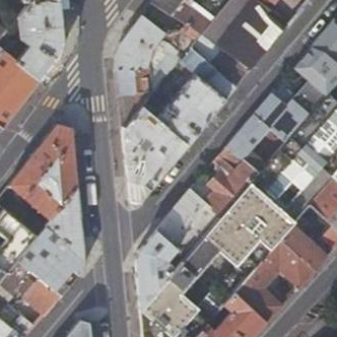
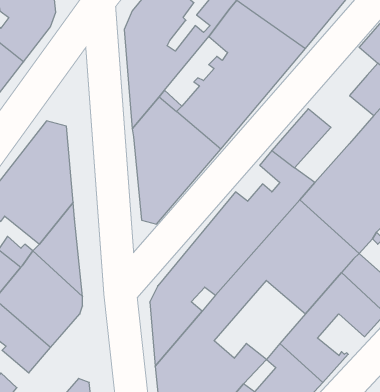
building: [255,94,305,142] -> none

